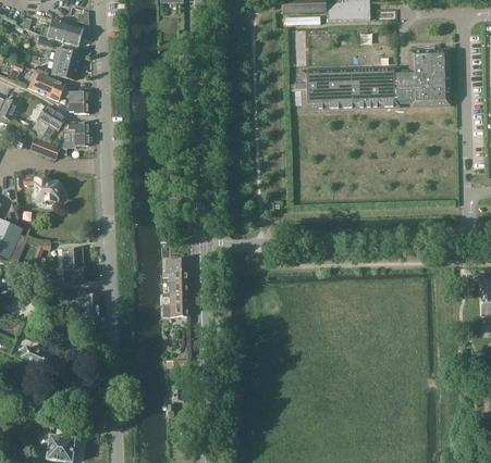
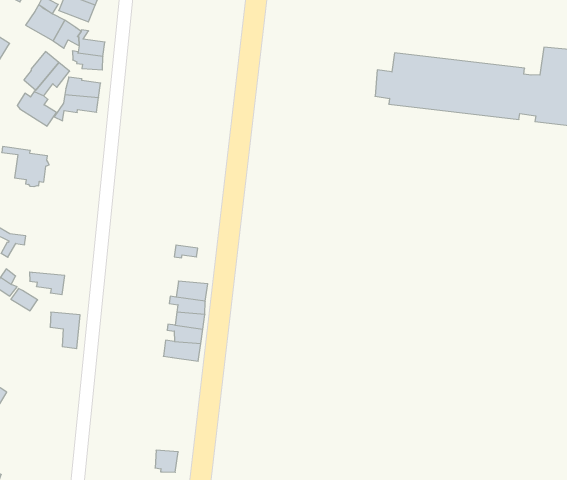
building: [58,247,83,267] -> none

